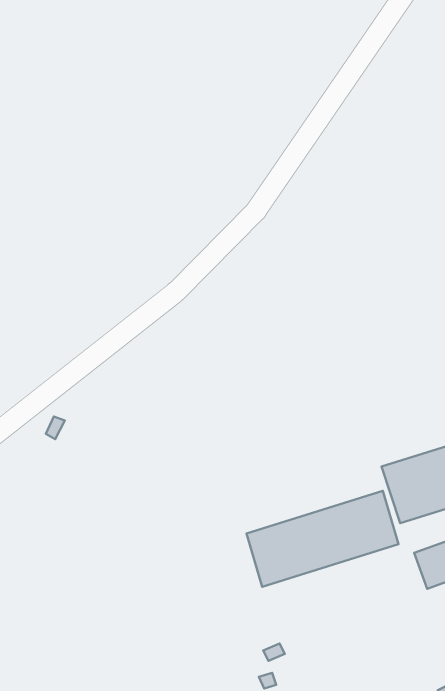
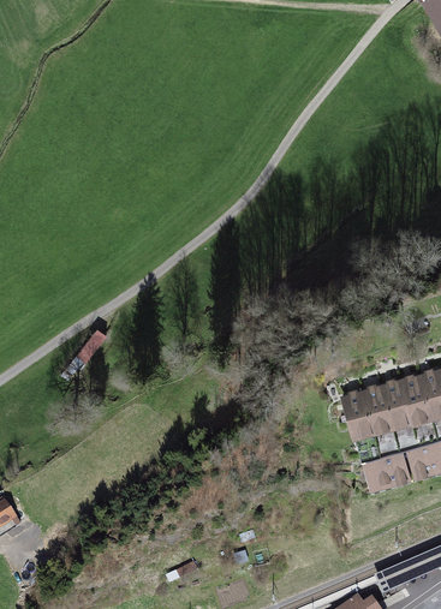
building: [246,491,399,587] -> none

